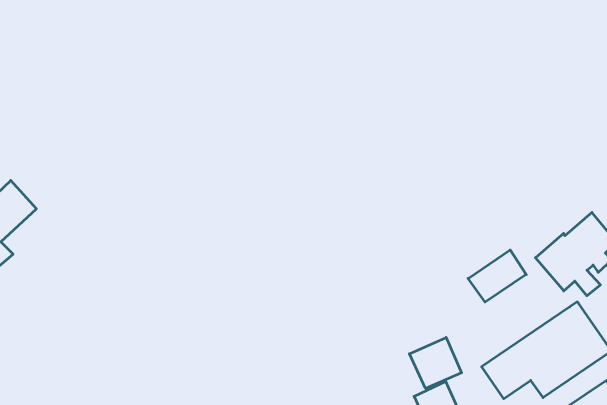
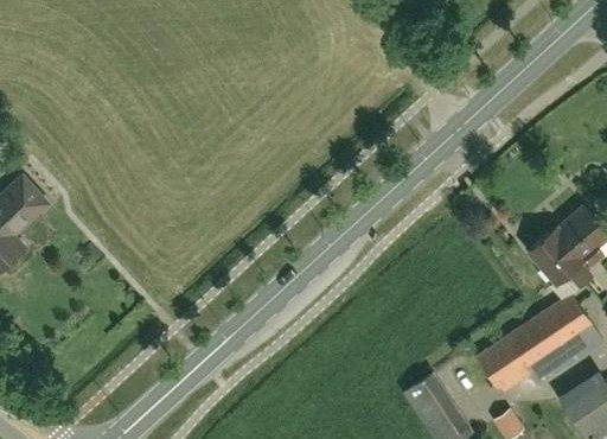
building: [468,250,526,302] -> none
building: [409,337,462,388] -> none

